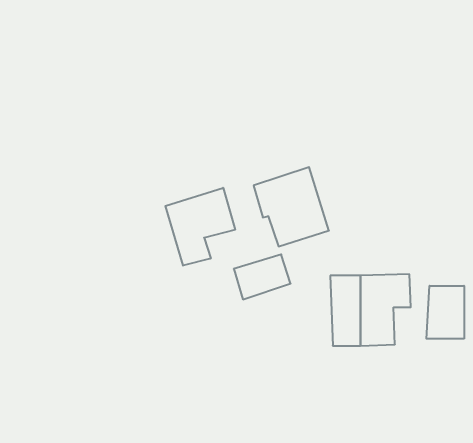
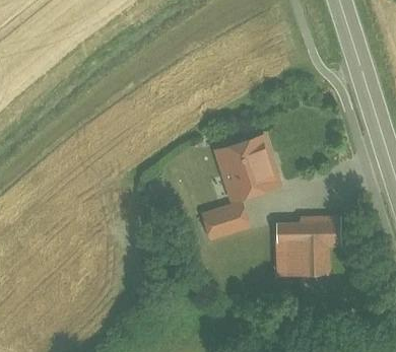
building: [165,188,235,266] -> none
building: [426,286,464,339] -> none

